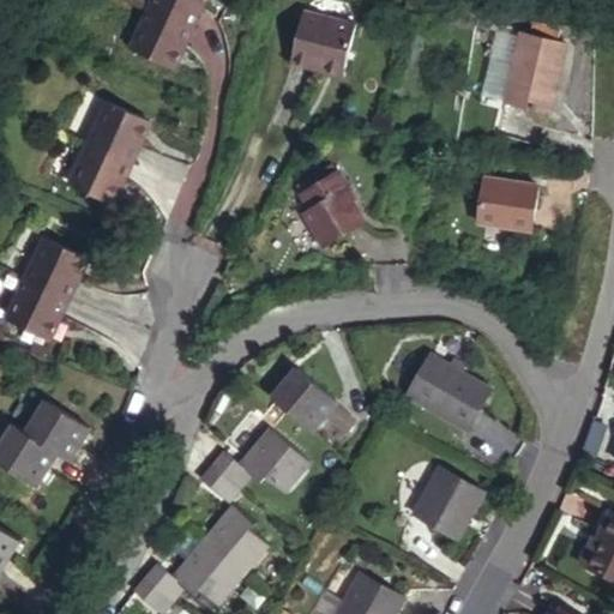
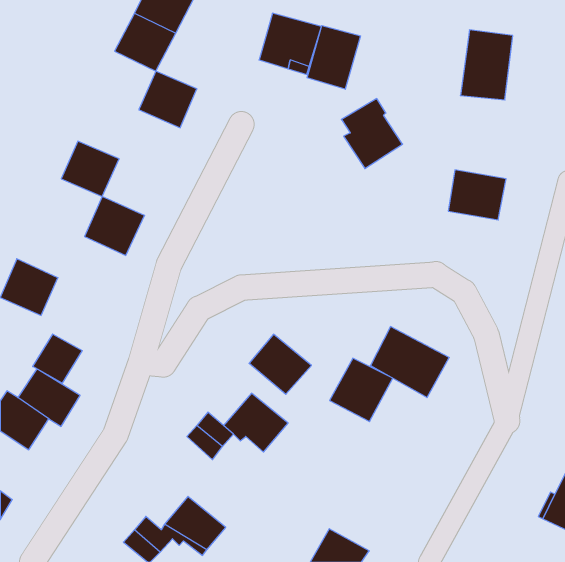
building: none -> [307,26,361,89]
building: [88,110,150,171] -> [139,71,197,128]
building: [289,175,355,251] -> [341,99,403,169]
building: [22,236,86,300] -> [85,197,145,255]
building: none -> [33,334,82,383]
building: [411,466,480,535] -> [330,358,393,422]
building: [206,500,272,570] -> none

